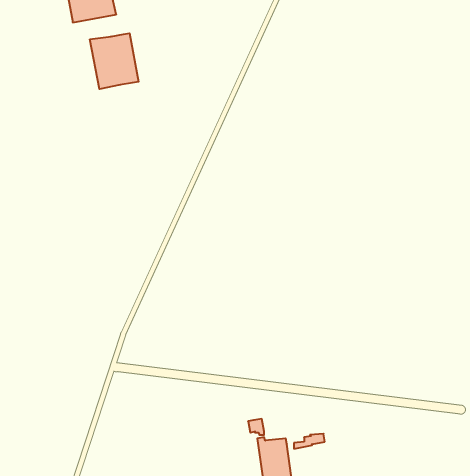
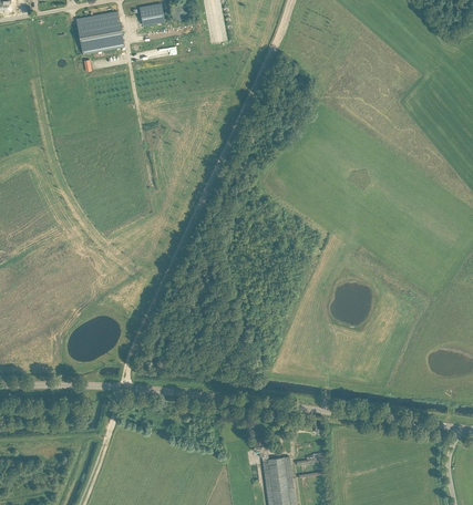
building: [90,33,139,89] -> none

